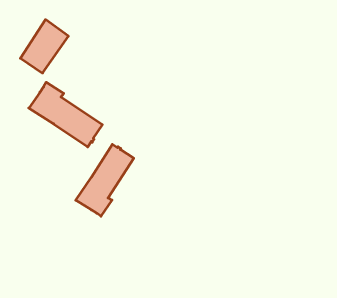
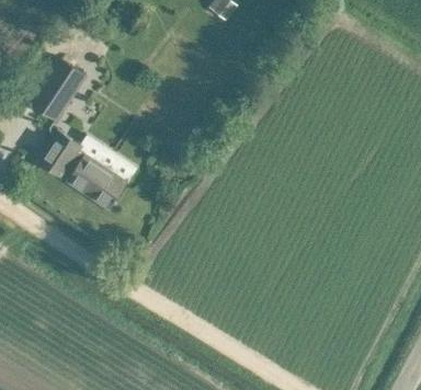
building: [76,144,134,216] -> none

